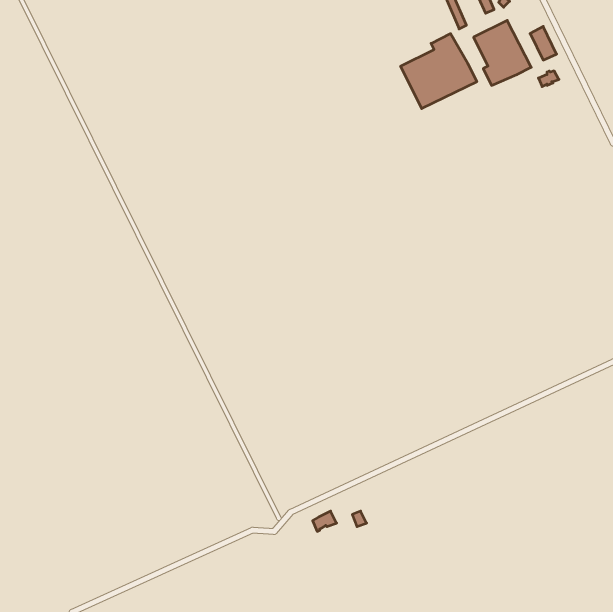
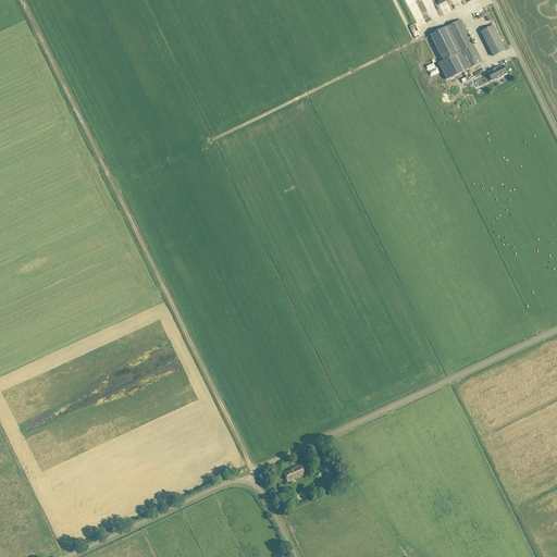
building: [401,34,477,109] -> none

